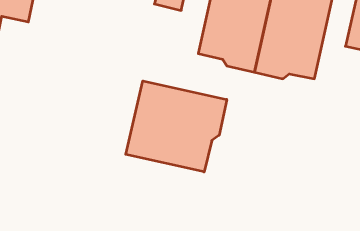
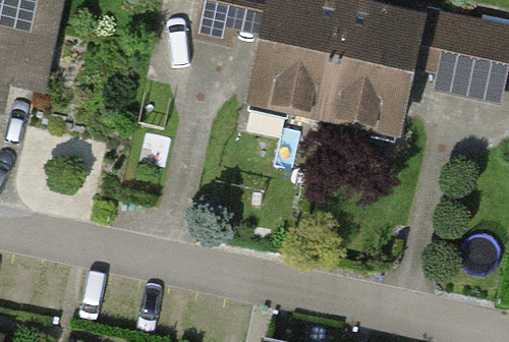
building: [126,81,227,172] -> none

